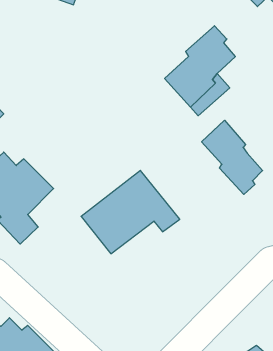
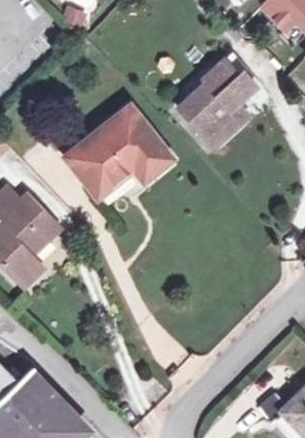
building: [202,120,263,194] -> none
building: [81,170,180,254] -> [68,110,174,199]

